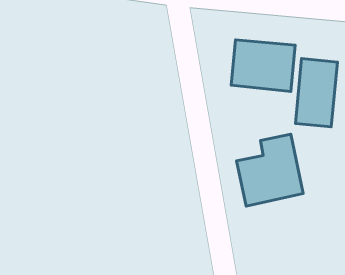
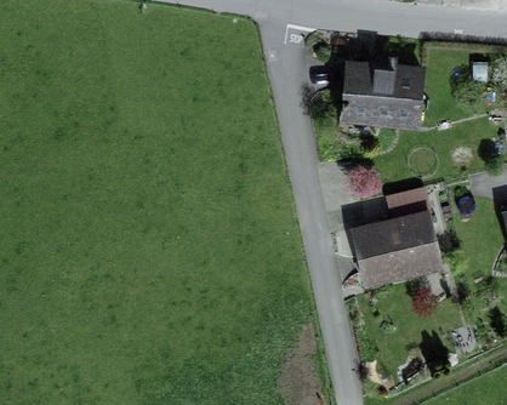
building: [296,59,338,127] -> none

